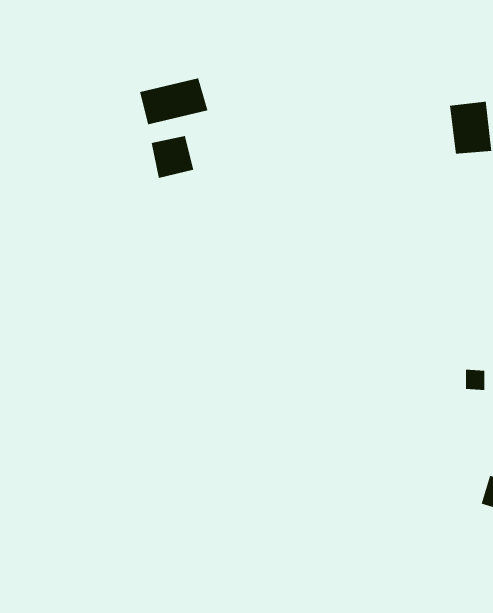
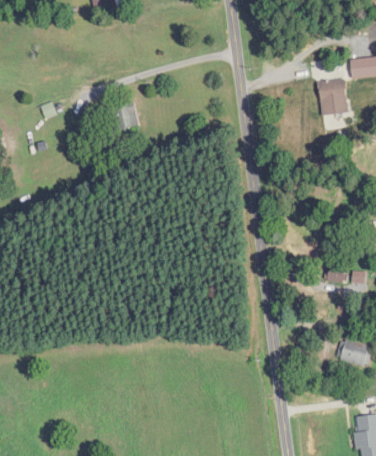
building: [140,78,208,125] -> none

